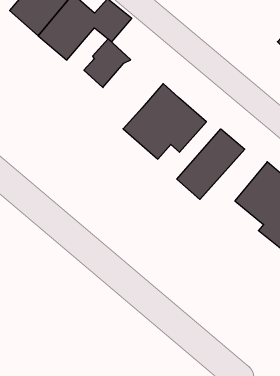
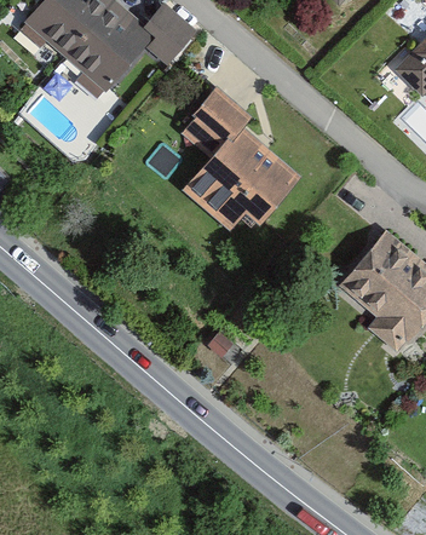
building: [84,39,131,88] -> [183,90,248,157]
building: [177,129,245,199] -> none

